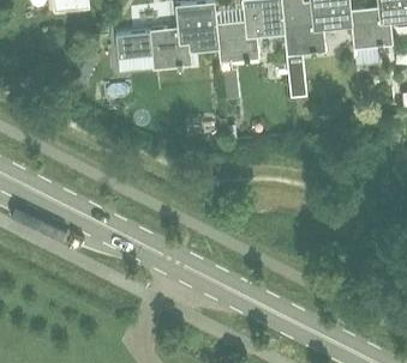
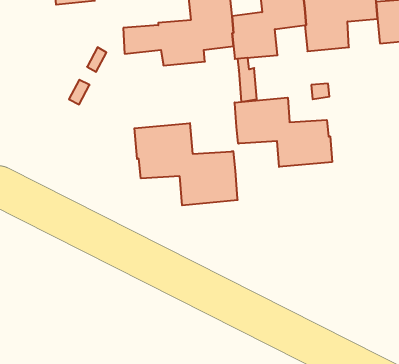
building: none -> [235,98,332,167]
building: none -> [134,123,238,205]

